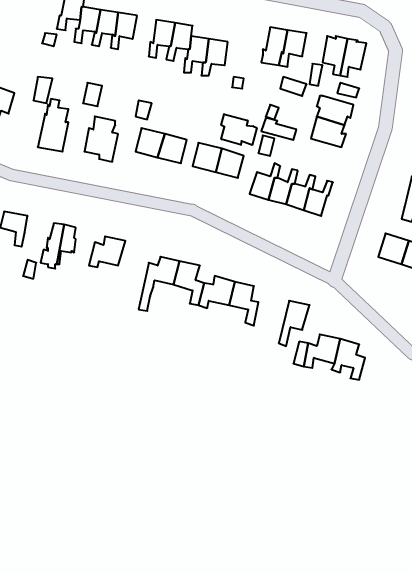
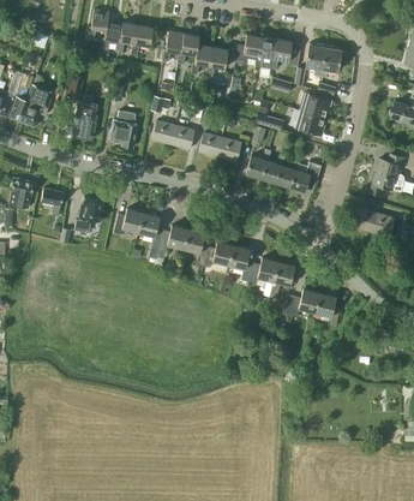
building: none -> [234,34,262,64]
building: [221,114,257,145] -> none
building: none -> [137,211,162,262]
building: none -> [248,257,277,296]

